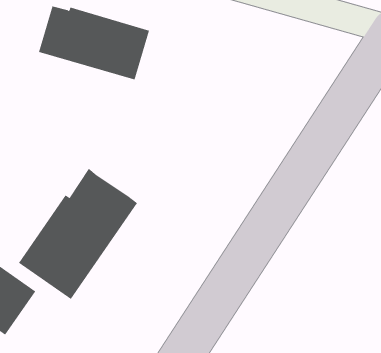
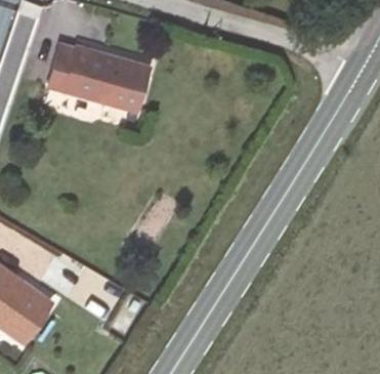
building: [18,168,138,300] -> none

